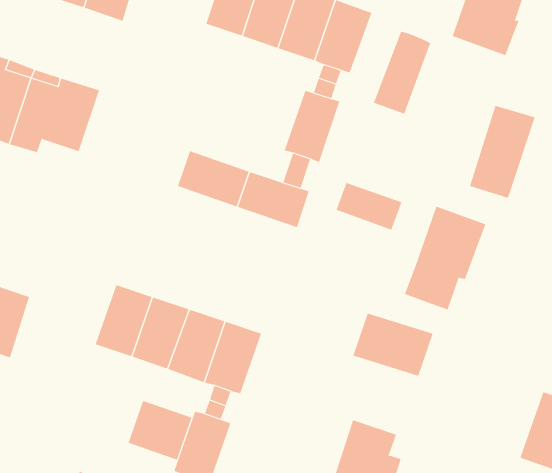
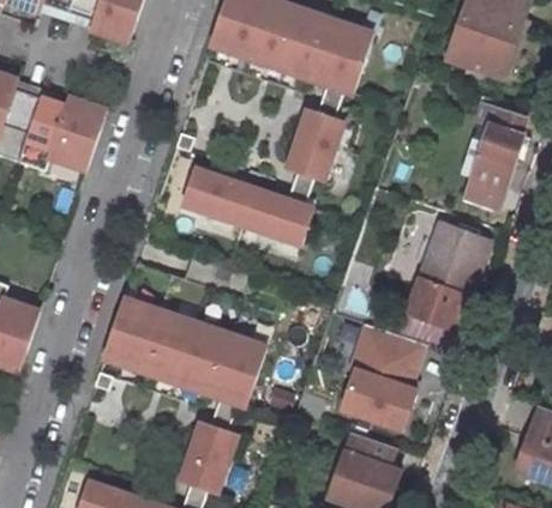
building: [373,31,431,115] -> none
building: [336,182,402,231] -> none
building: none -> [342,369,422,437]
building: [128,400,192,460] -> none

